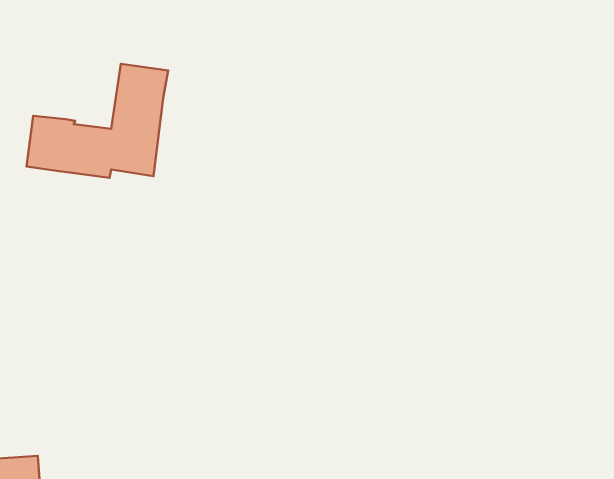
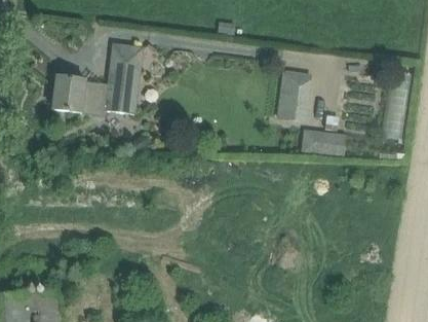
building: none -> [276,70,309,119]
building: none -> [319,130,345,156]

